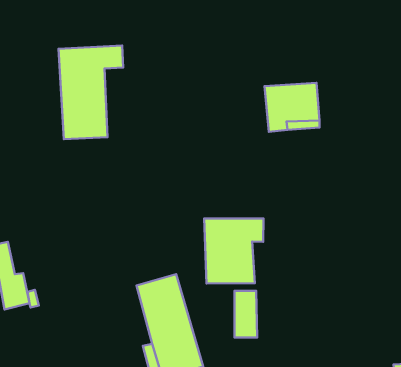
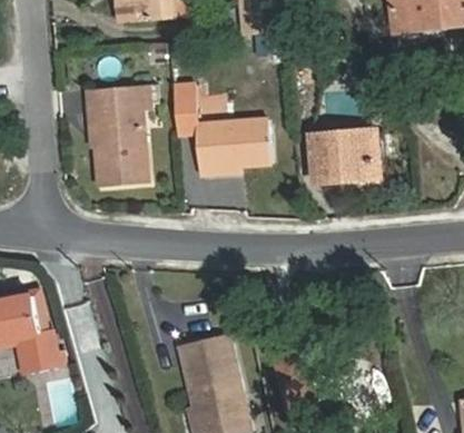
building: none -> [172,83,270,169]
building: [204,218,264,283] -> none

